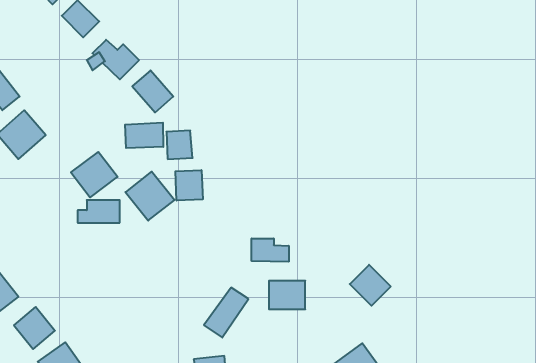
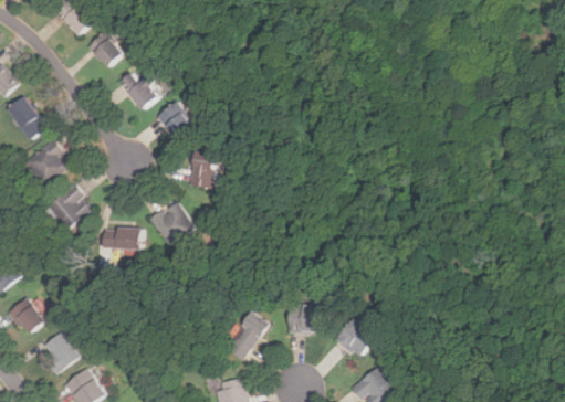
building: [125,123,163,148] -> none
building: [71,152,118,197] -> [49,183,94,228]
building: [175,170,203,201] -> none
building: [252,238,289,262] -> none
building: [350,265,391,306] -> [335,318,375,358]

